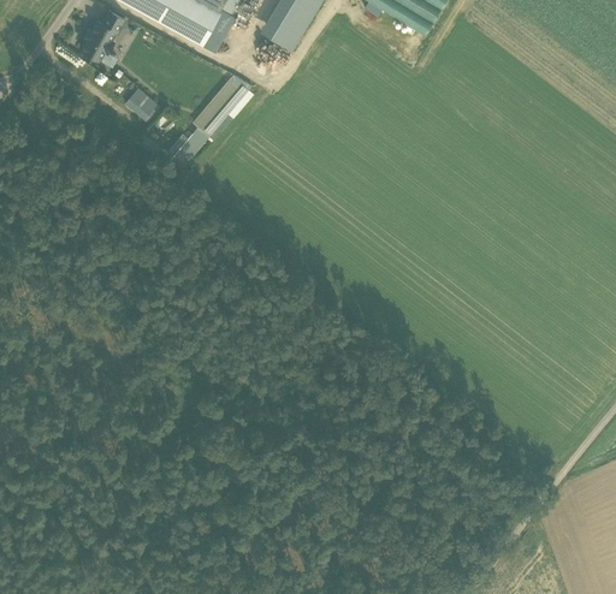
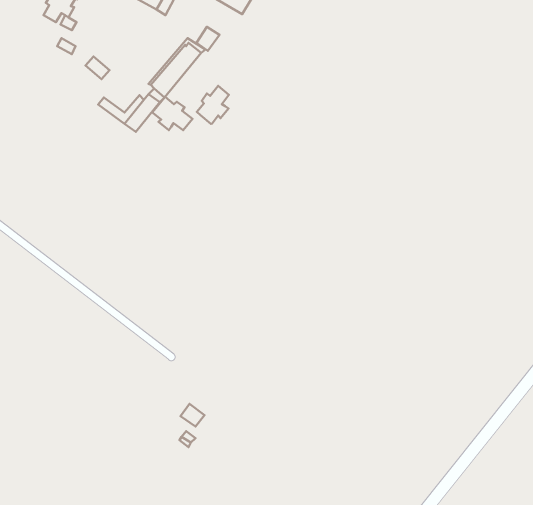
building: none -> [197,86,229,124]
building: none -> [153,97,192,130]

